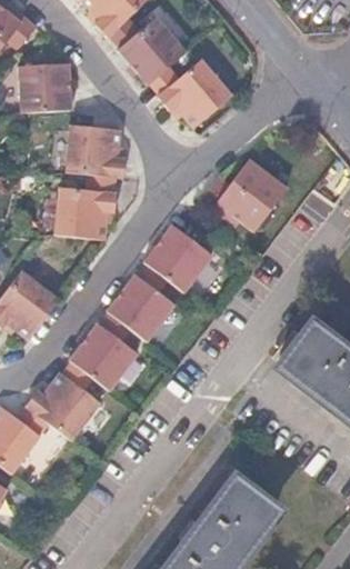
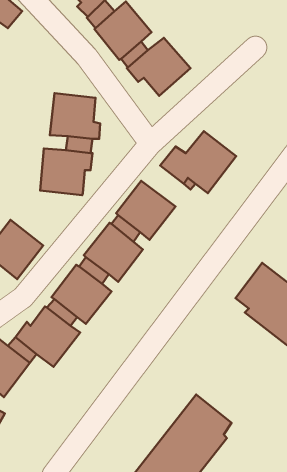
building: [20,62,69,110] -> none

